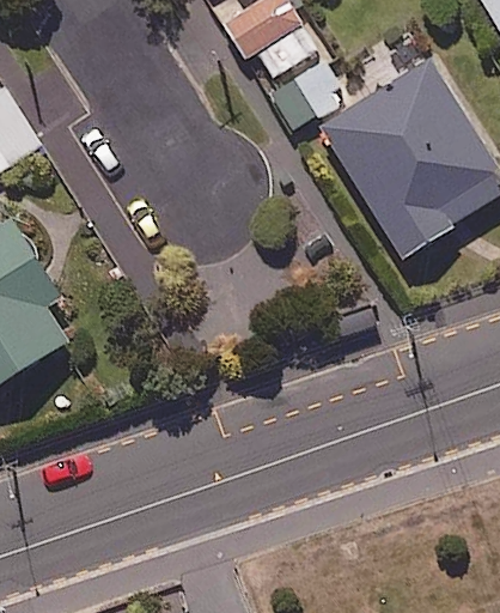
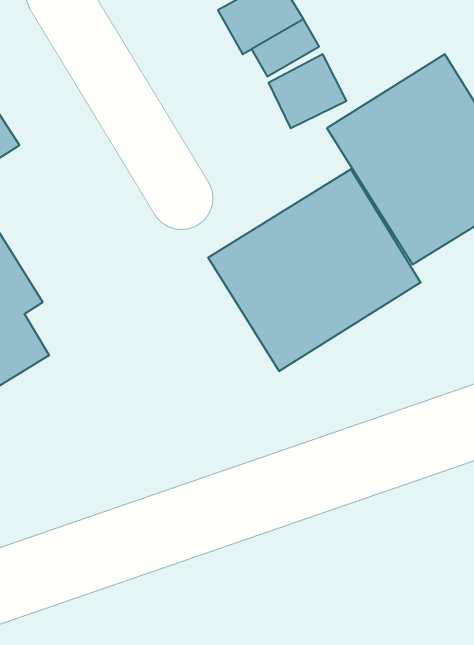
building: none -> [208,169,421,371]

